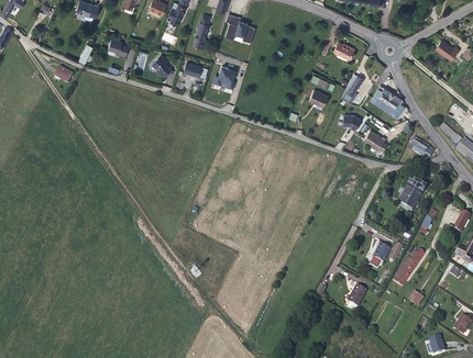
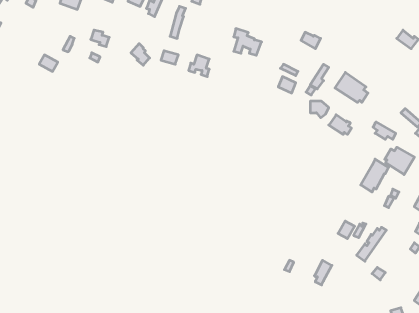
building: [226,13,255,42] -> [234,29,262,55]
building: none -> [385,147,414,175]

